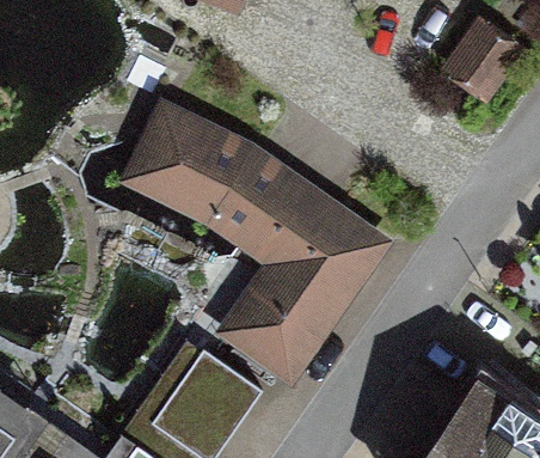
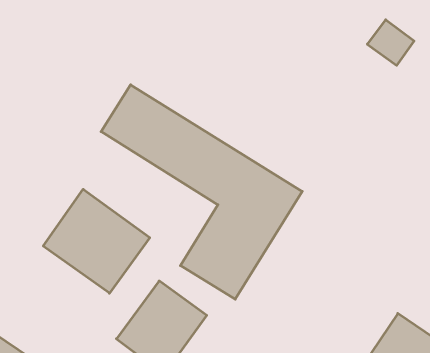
building: none -> [43,189,150,293]

